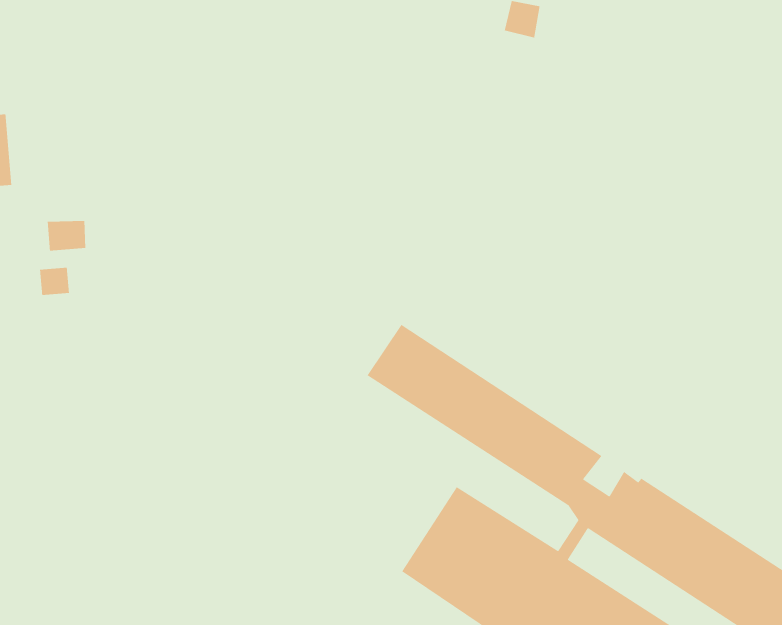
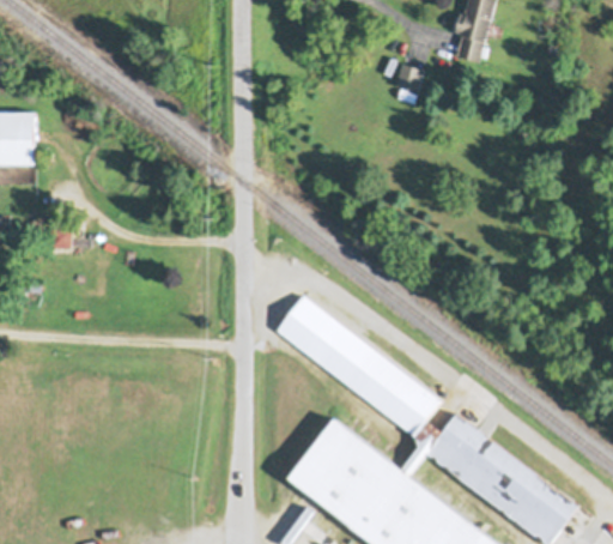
building: [47,220,86,251] -> none

